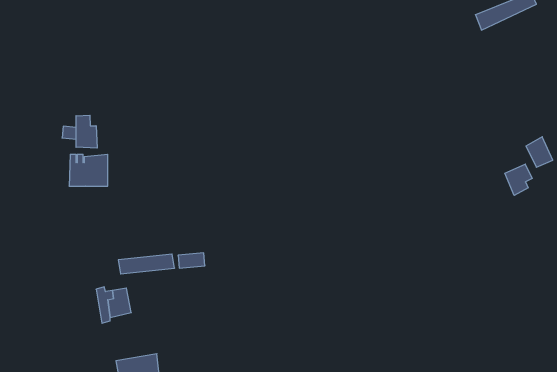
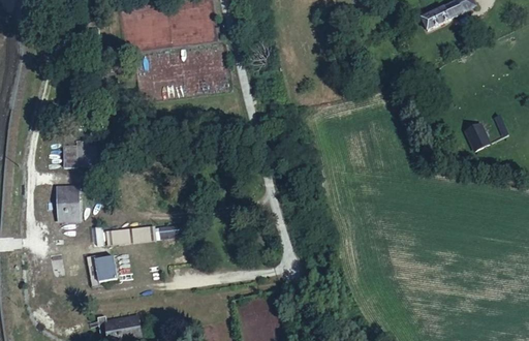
building: [76,115,97,148] -> none
building: [505,164,532,195] -> none
building: none -> [58,185,80,220]

